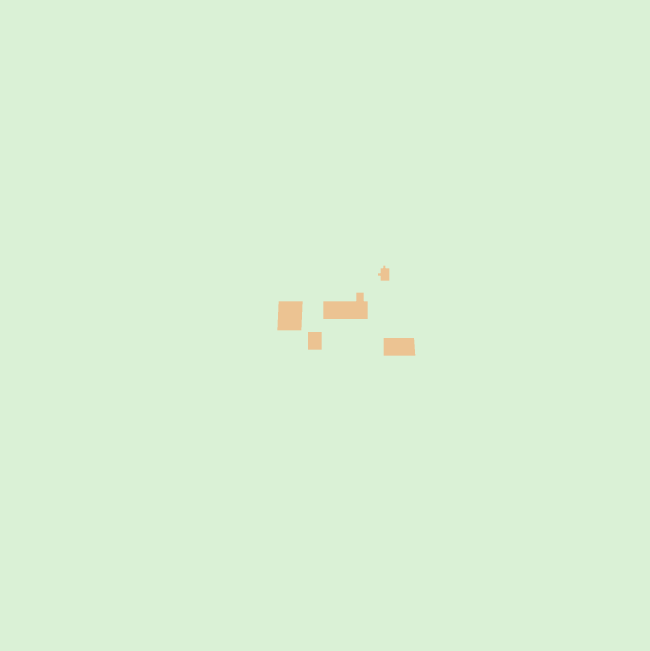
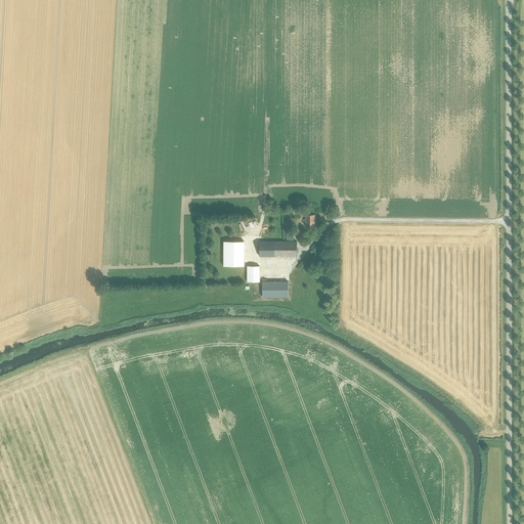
building: [383,337,416,356] -> [261,281,288,297]

